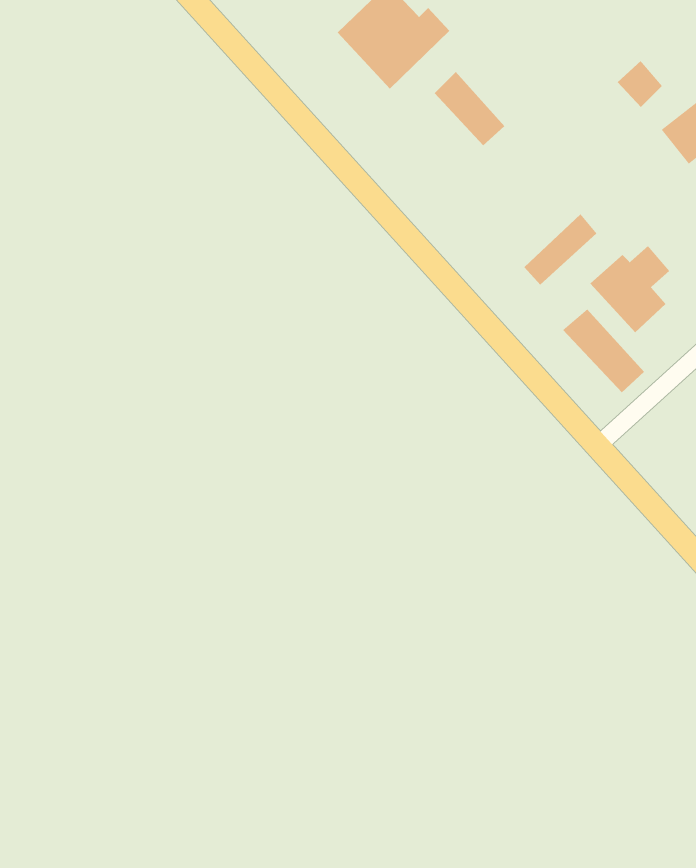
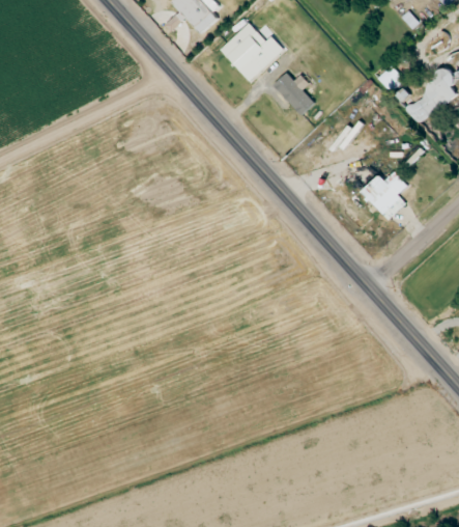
building: [523,213,597,285] -> none
building: [562,309,645,393] -> none

